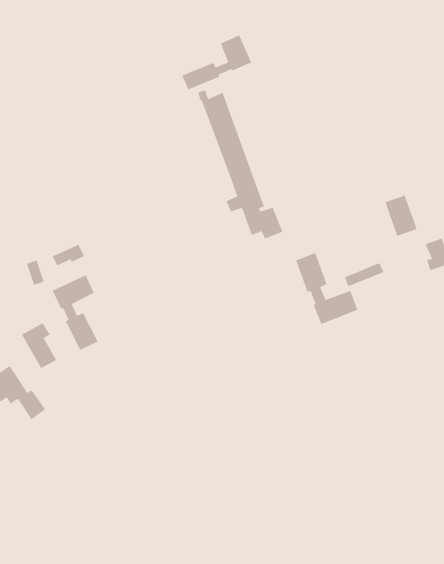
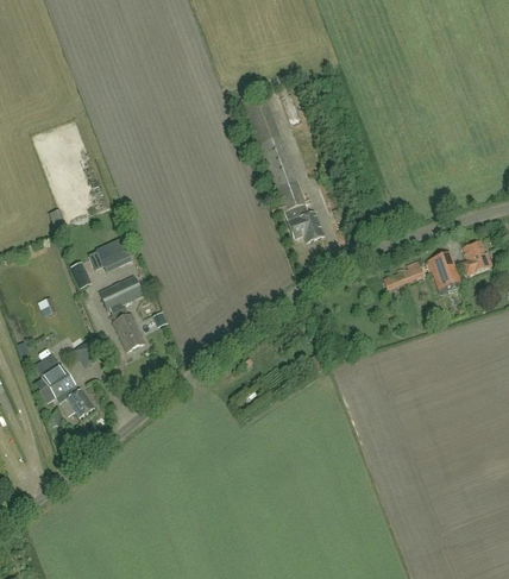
building: [182,35,252,90] -> none
building: [385,195,418,237] -> [427,252,459,292]
building: [295,252,358,325] -> none

